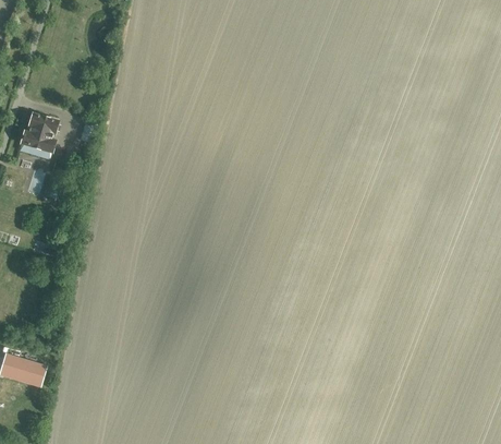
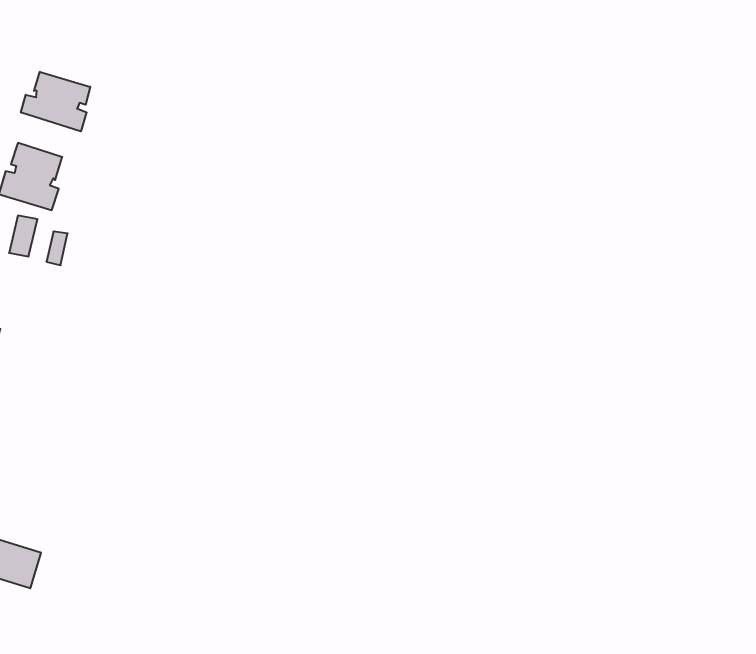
building: none -> [21,72,90,131]

